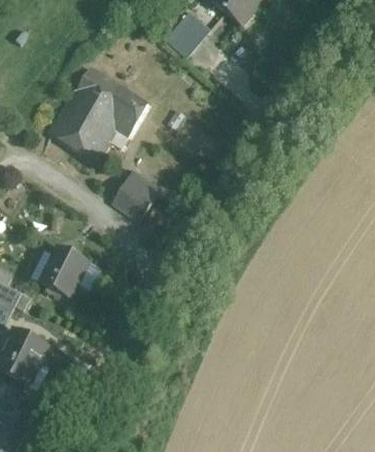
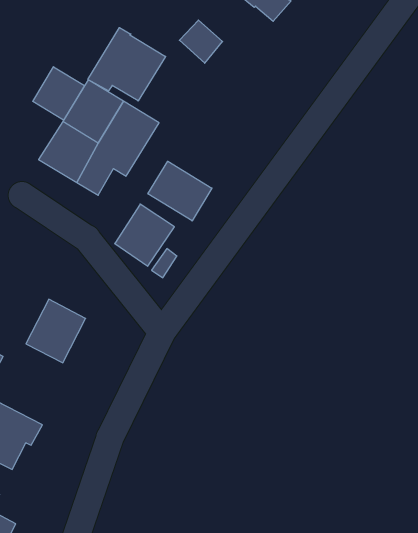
building: none -> [88,28,166,101]
building: none -> [33,67,85,120]
building: none -> [148,161,212,221]

